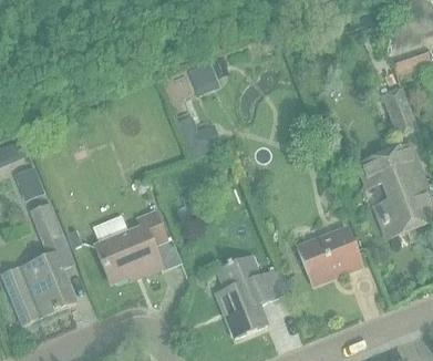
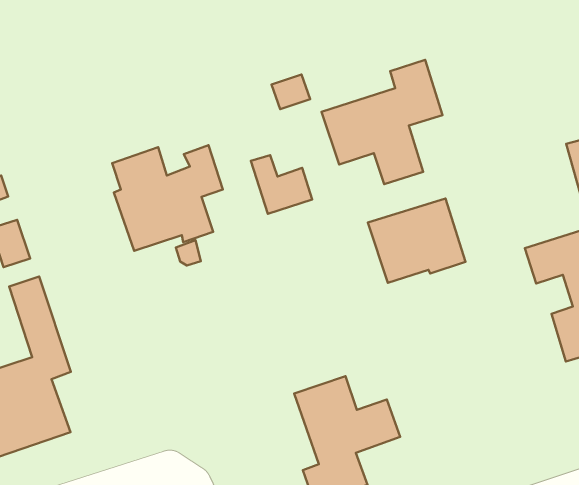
building: none -> [321,60,442,184]
building: [93,212,165,282] -> [112,145,223,251]
building: [297,227,361,283] -> [368,198,465,283]

